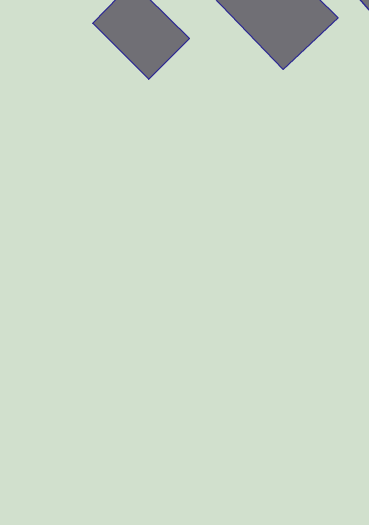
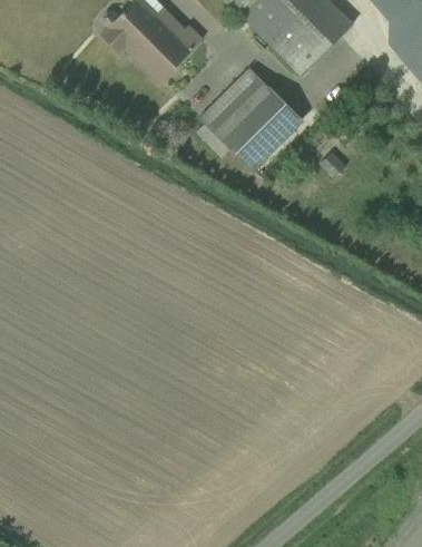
building: none -> [200,71,304,174]

